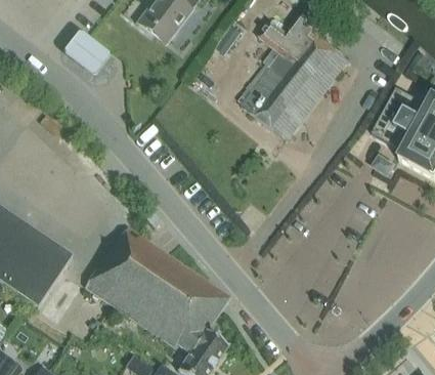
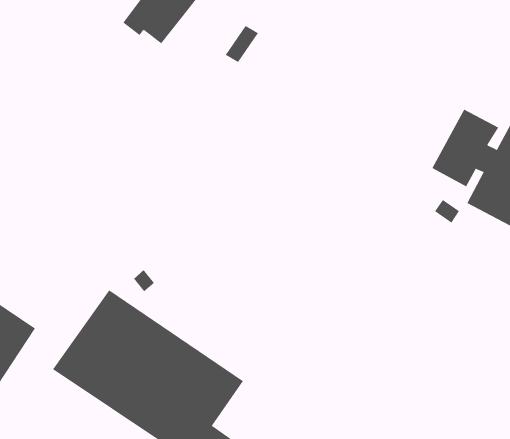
building: [241,13,349,140] -> none
building: [66,30,114,76] -> none

